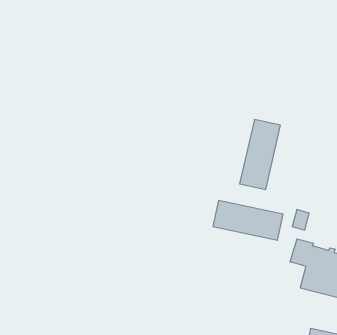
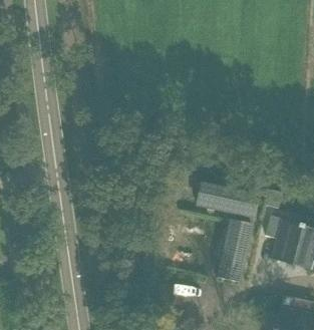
building: [240,119,280,190] -> [217,220,253,282]

